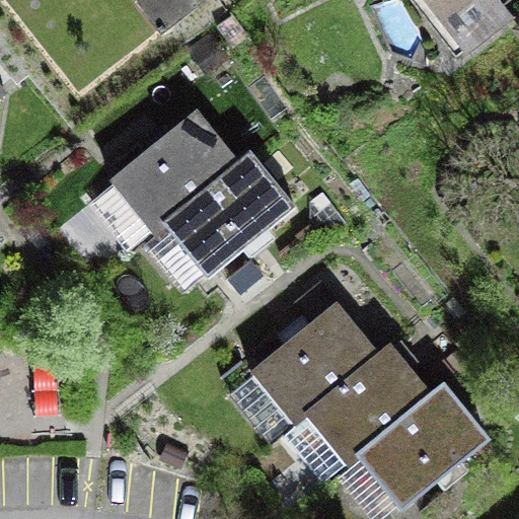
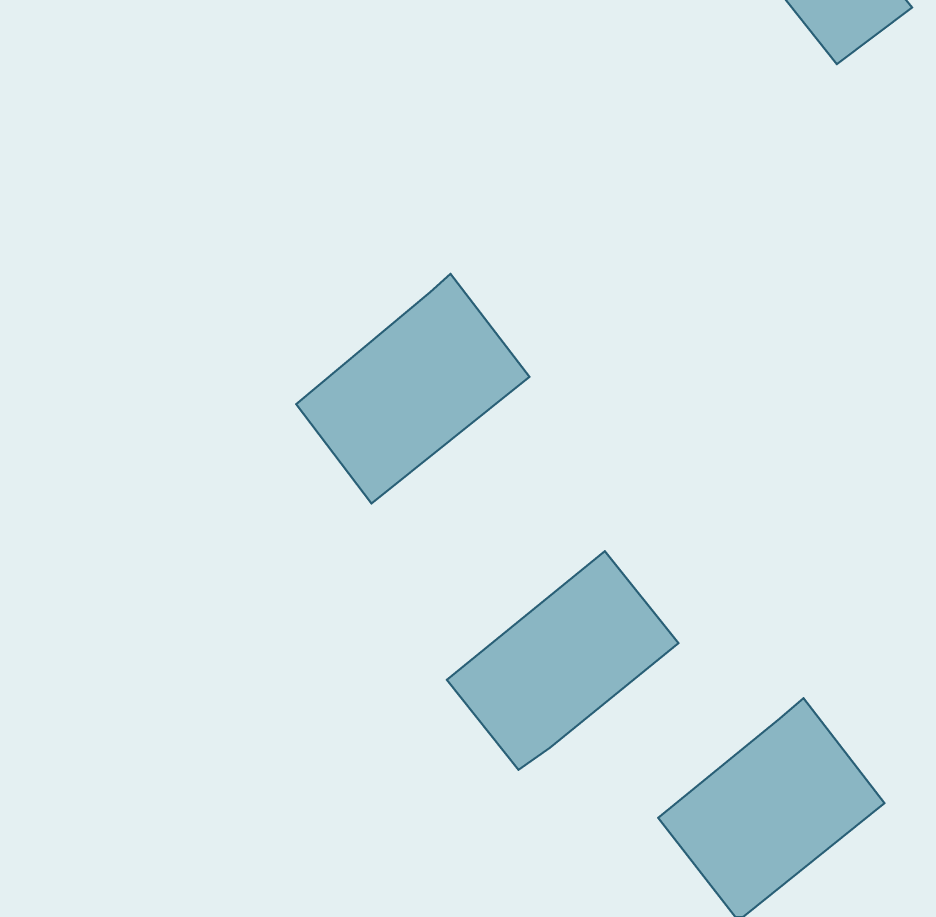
building: [108,110,237,232] -> none
building: [303,344,430,464] -> none

